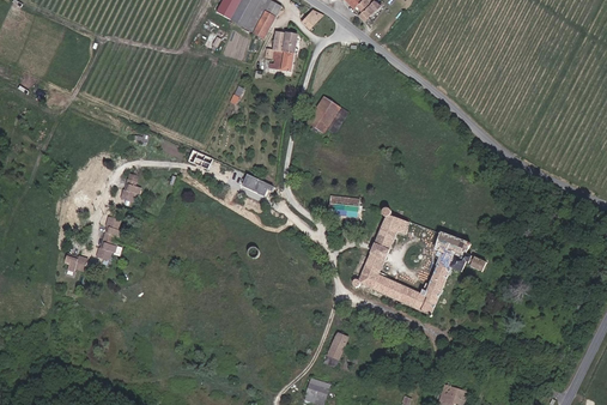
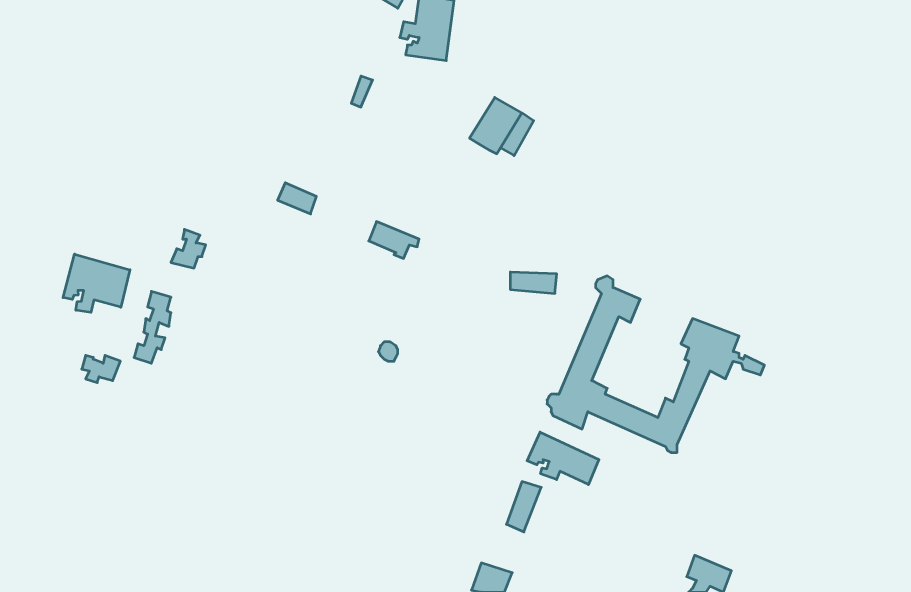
building: none -> [63,254,130,312]
building: none -> [527,432,599,485]

